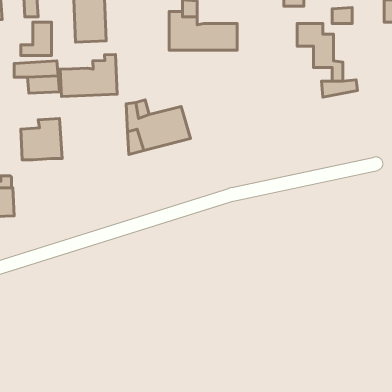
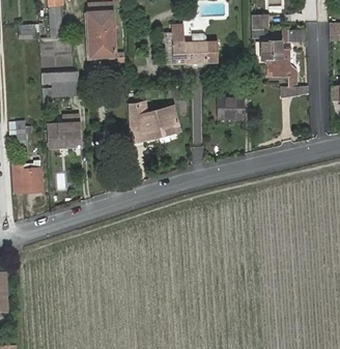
building: [60,54,117,97] -> none
building: none -> [218,94,245,118]

